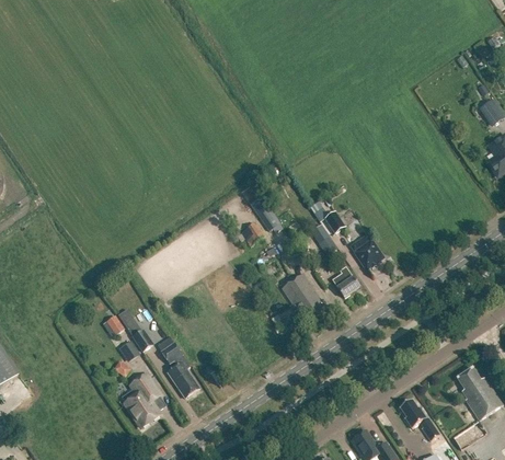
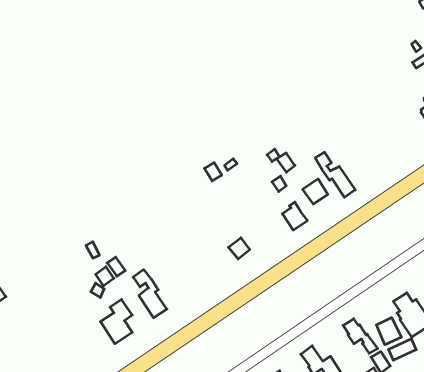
building: none -> [315,152,355,197]
building: [282,273,328,322] -> none
building: none -> [376,318,401,345]

